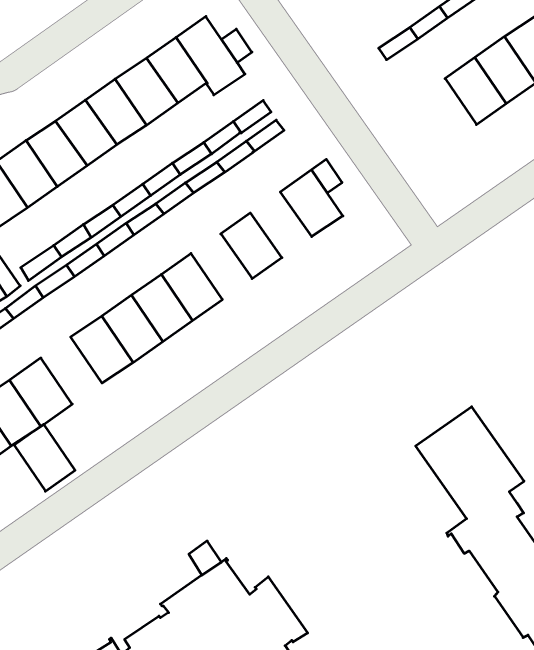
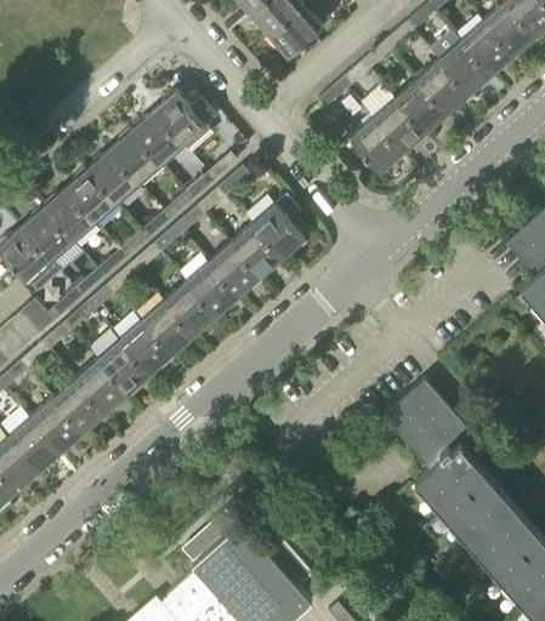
building: none -> [348,120,401,173]
building: none -> [228,226,279,278]
building: none -> [184,264,235,317]
building: [14,424,75,491] -> [74,360,125,414]

